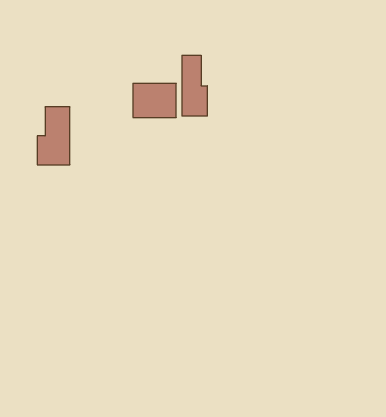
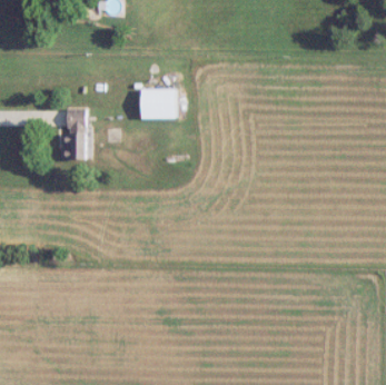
building: [182,55,207,116] -> none

